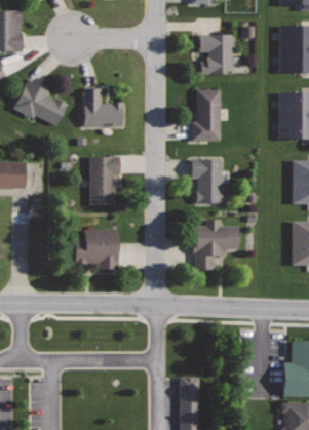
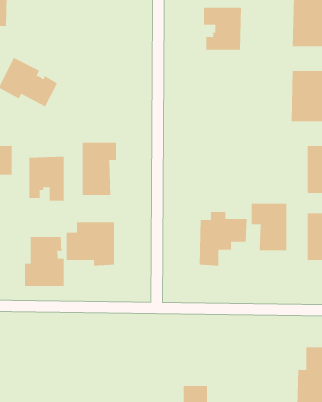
building: [82,89,122,128] -> none
building: [190,91,221,141] -> none
building: [189,159,222,202] -> [251,203,287,251]
building: none -> [29,156,64,202]
building: none -> [24,236,64,287]

